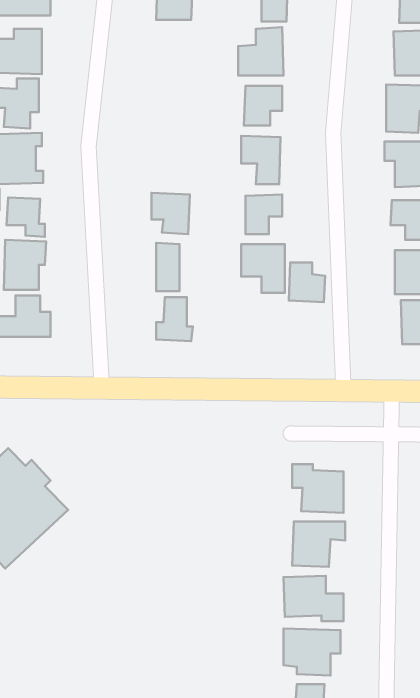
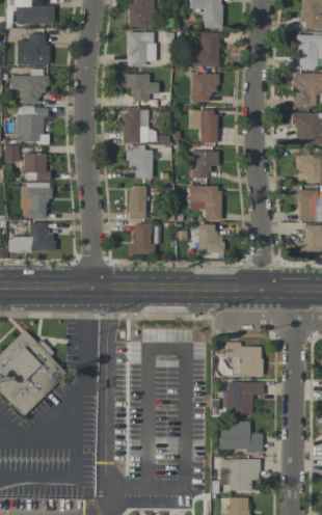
building: none -> [127,31,155,66]
building: none -> [123,74,159,101]
building: none -> [123,109,151,142]
building: [289,262,325,302] -> [197,224,223,252]

